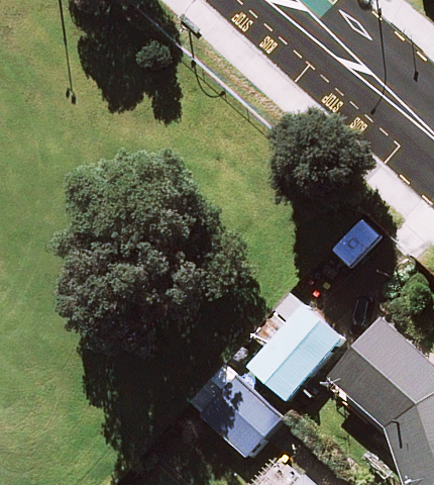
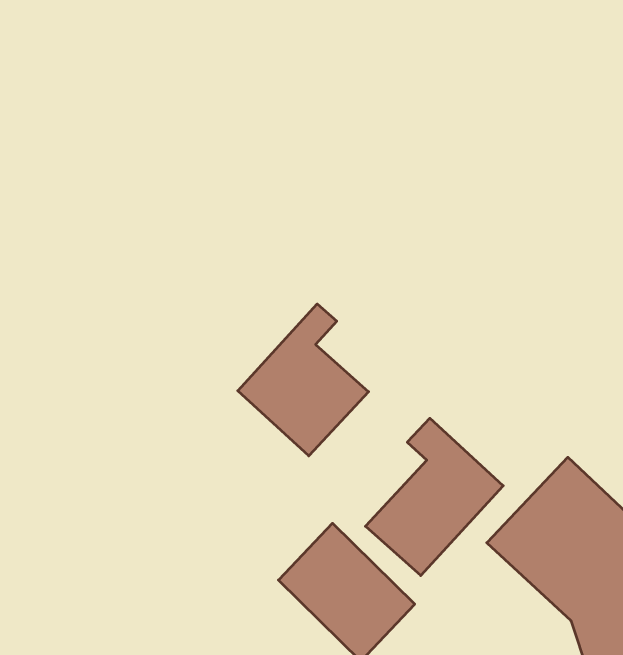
building: none -> [238,304,369,456]

